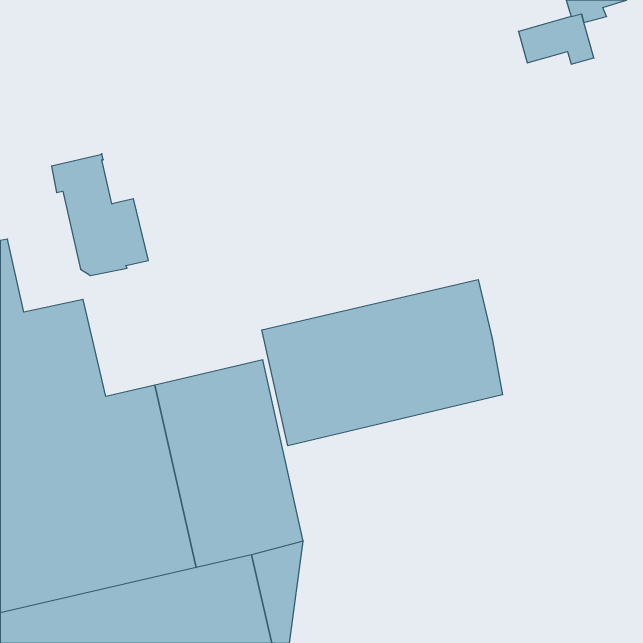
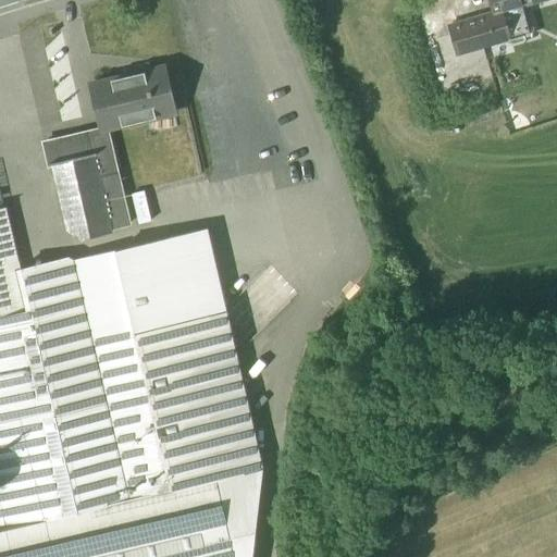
building: none -> [94,69,175,129]
building: none -> [88,134,116,176]
building: none -> [72,226,227,343]
building: [262,280,503,446] -> none

